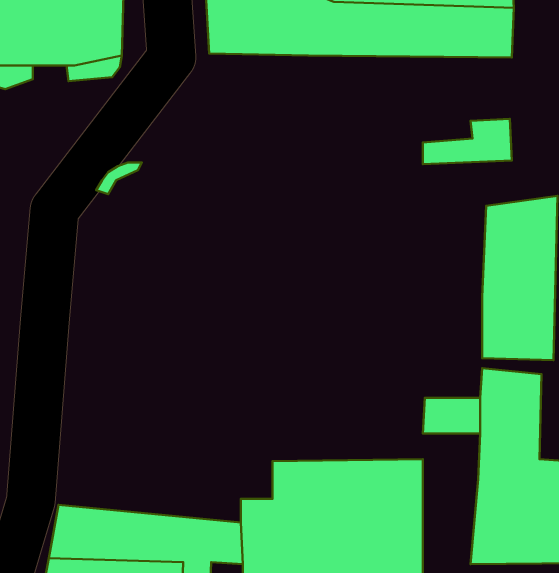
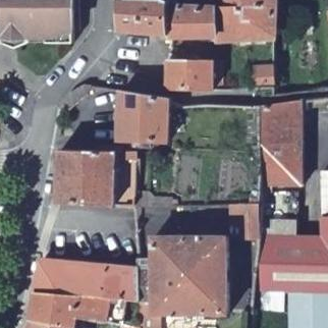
building: none -> [170,53,222,88]
building: none -> [117,90,175,148]
building: none -> [57,147,139,204]

